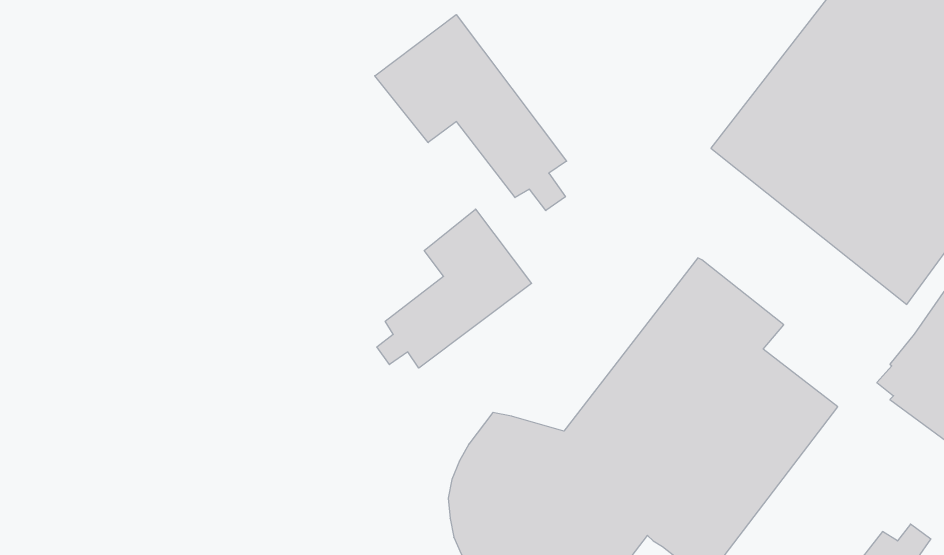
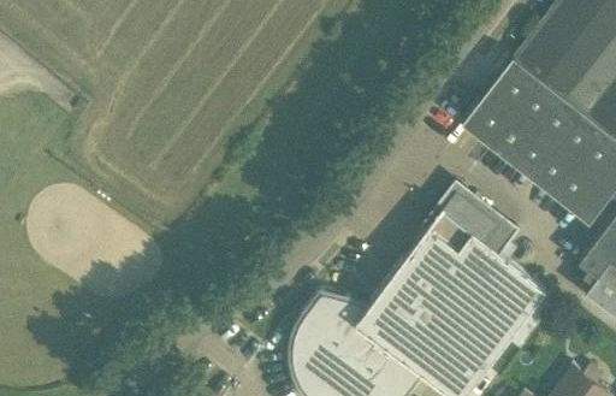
building: [375,15,567,211] -> none
building: [377,209,532,368] -> none

